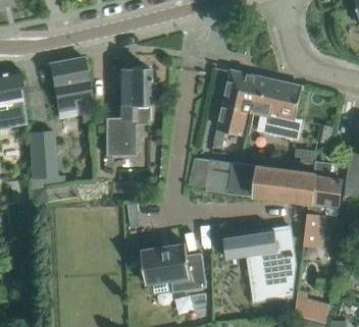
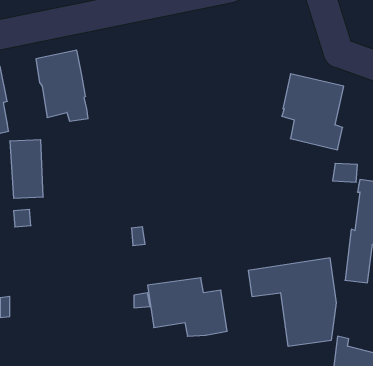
building: [106,68,150,155] -> none
building: [219,70,259,132] -> none
building: [190,157,316,205] -> none

